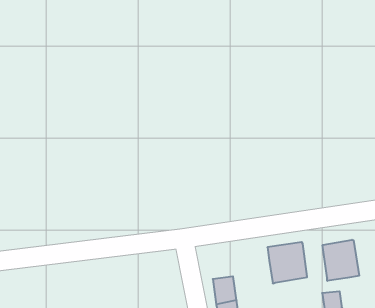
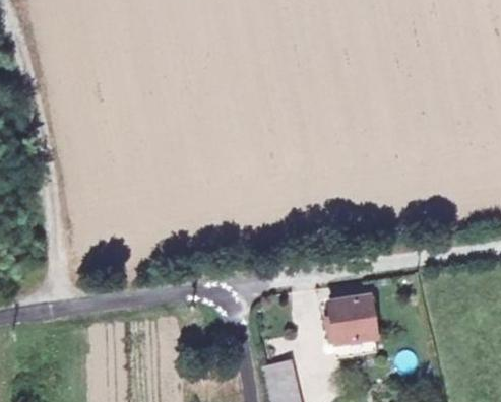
building: [323,240,359,281] -> none

